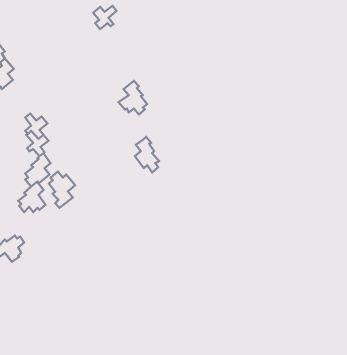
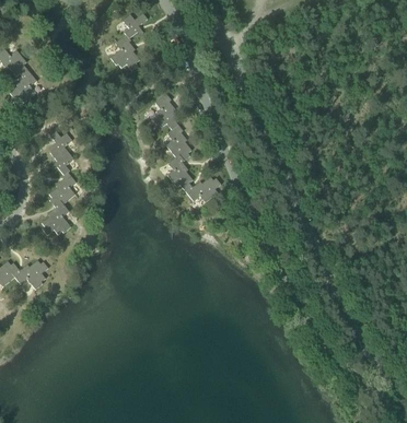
building: none -> [109,32,139,71]
building: none -> [165,125,191,161]
building: none -> [185,176,220,202]
building: [49,172,75,208] -> none

